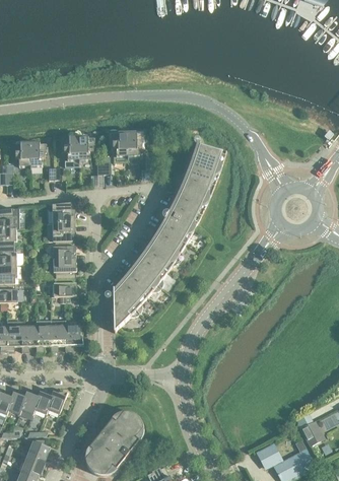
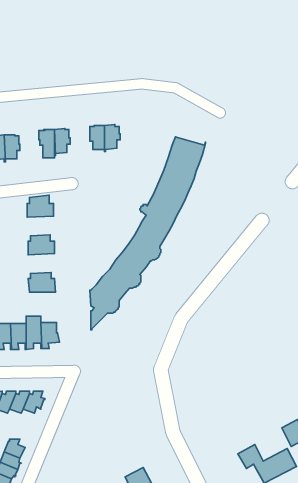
building: [51,221,77,240] -> none
building: [52,258,77,277] -> none
building: [84,411,142,476] -> none

